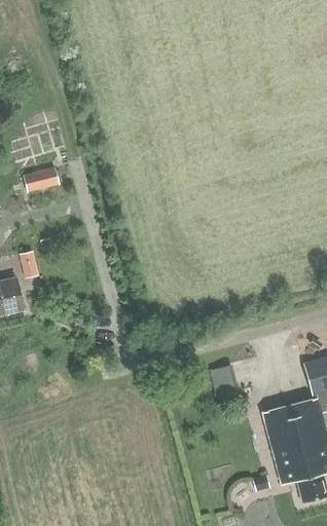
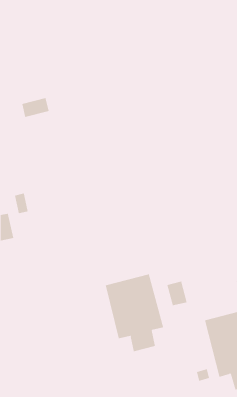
building: [22,165,58,191] -> [21,97,50,117]
building: none -> [105,273,164,352]

